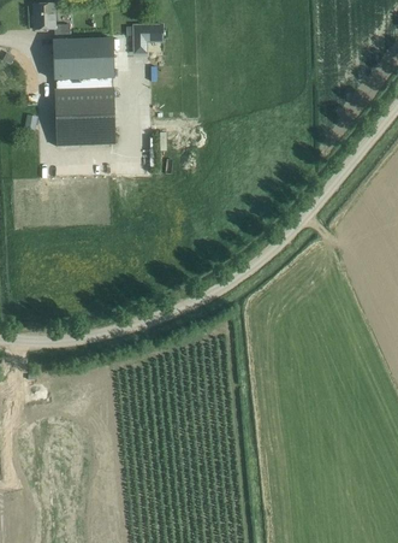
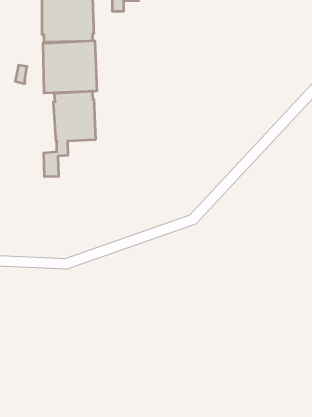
building: none -> [44,91,95,177]

